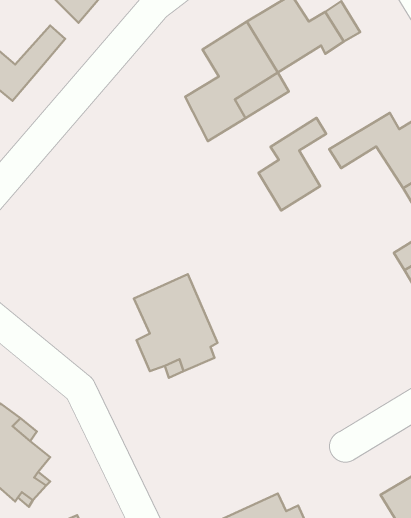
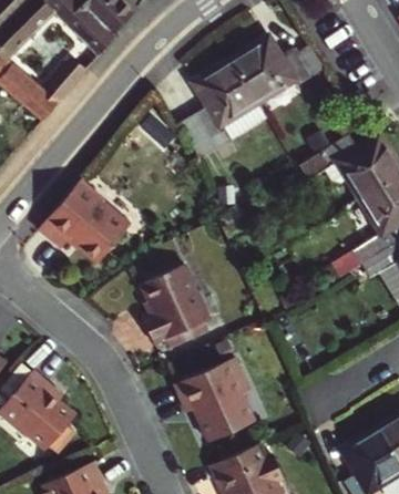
building: [259,118,326,211] -> none
building: none -> [39,181,130,265]
building: none -> [174,359,255,444]

